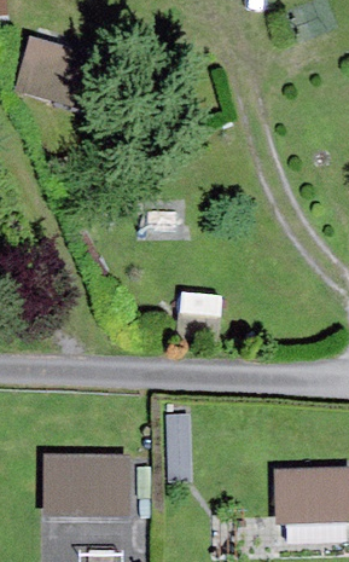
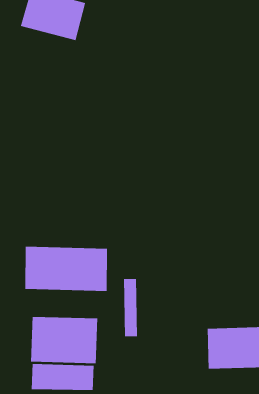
building: none -> [24,246,108,292]

